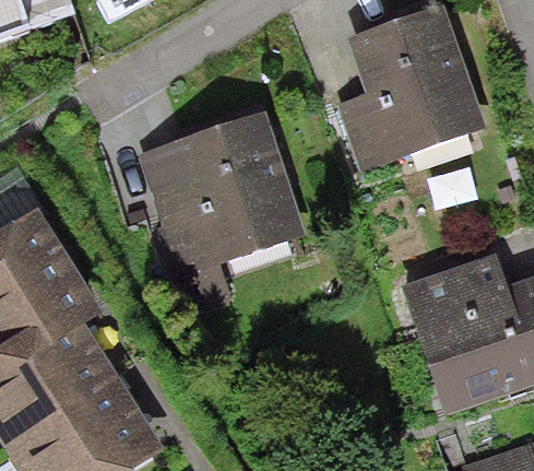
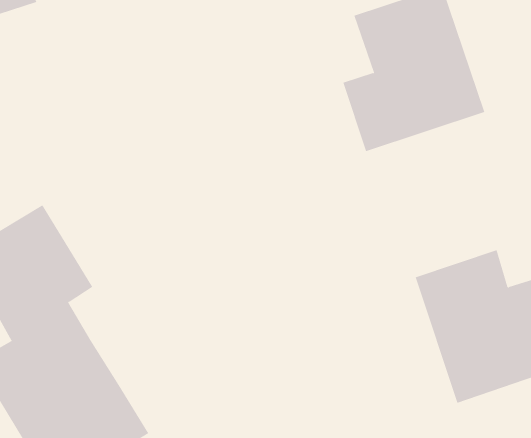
building: [151,117,304,280] -> none

